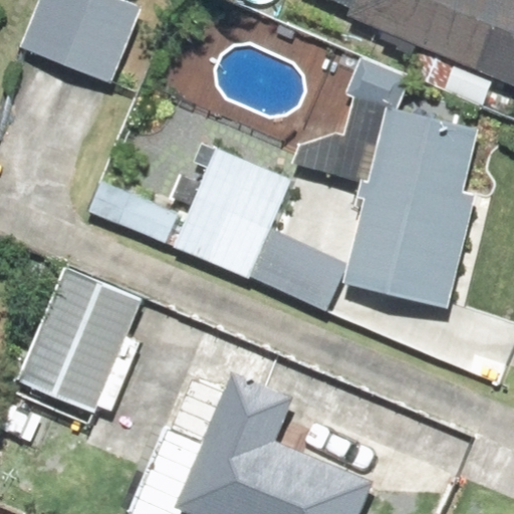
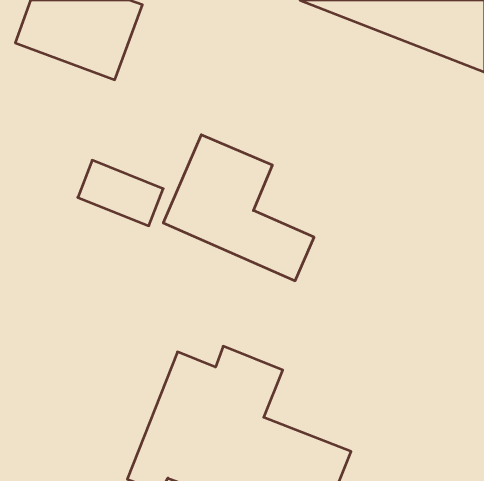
building: [342,109,489,307] -> none
building: [18,265,136,406] -> none

